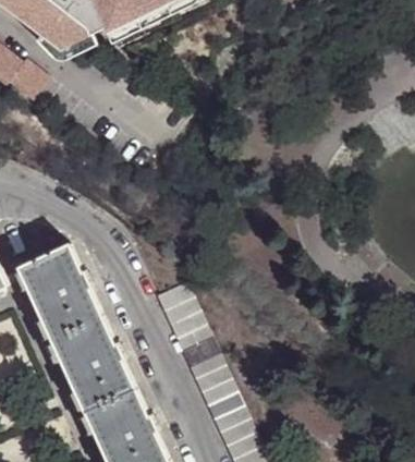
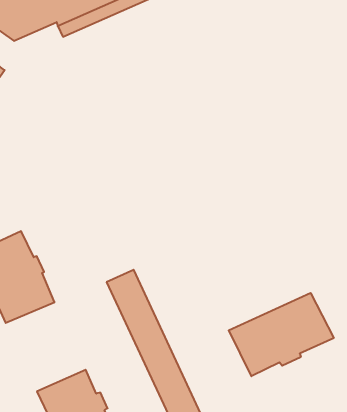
building: none -> [229,293,334,376]
building: [49,318,133,412] -> none

